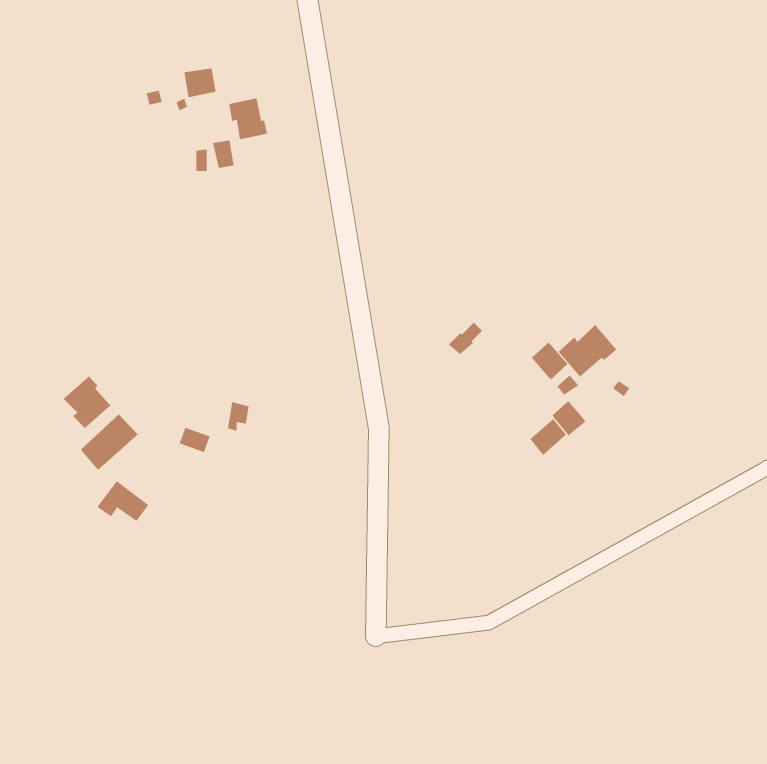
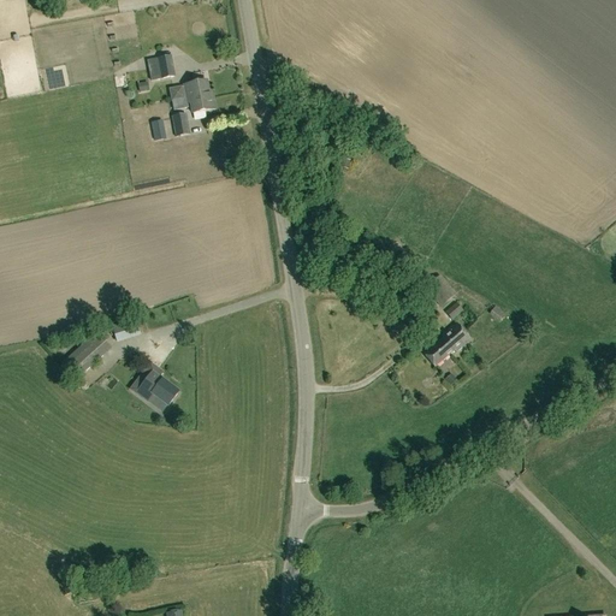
building: [558,324,617,378] -> none
building: [63,375,111,429] -> none
building: [96,481,149,522] -> [136,371,178,403]

